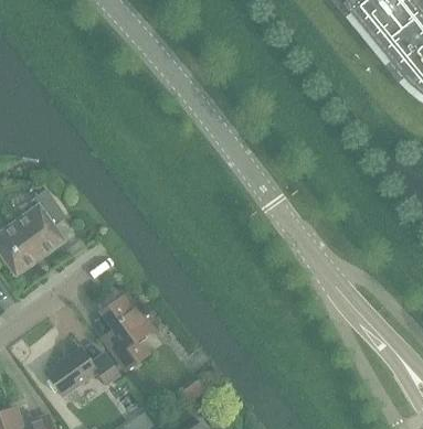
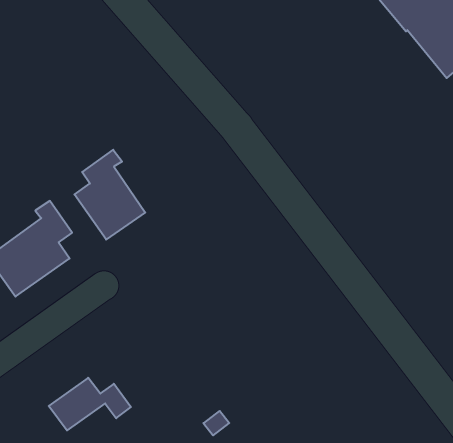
building: none -> [74,150,145,240]
building: [102,292,152,367] -> none

